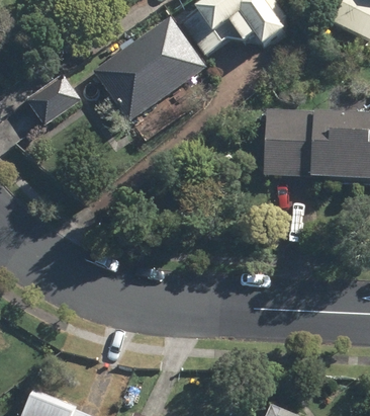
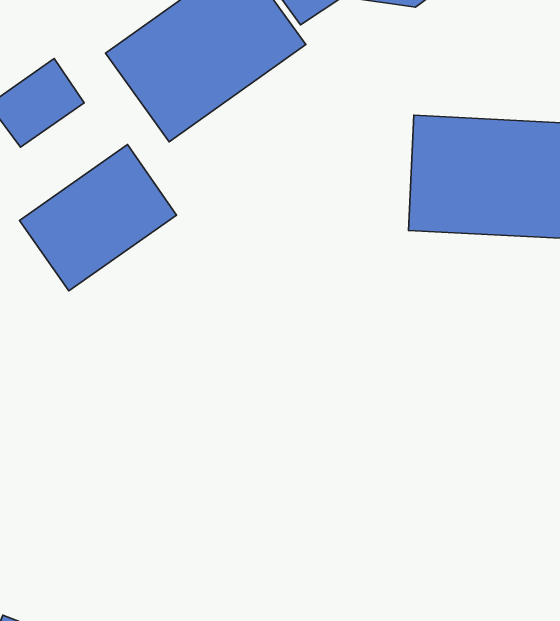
building: none -> [20,145,176,291]

